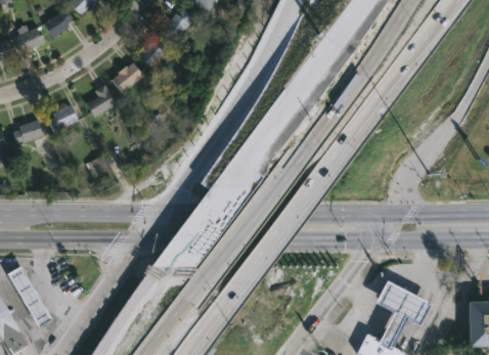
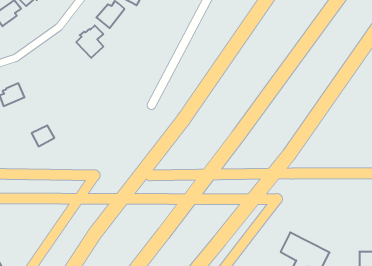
building: [112,61,145,94] -> none
building: [86,84,118,117] -> none

